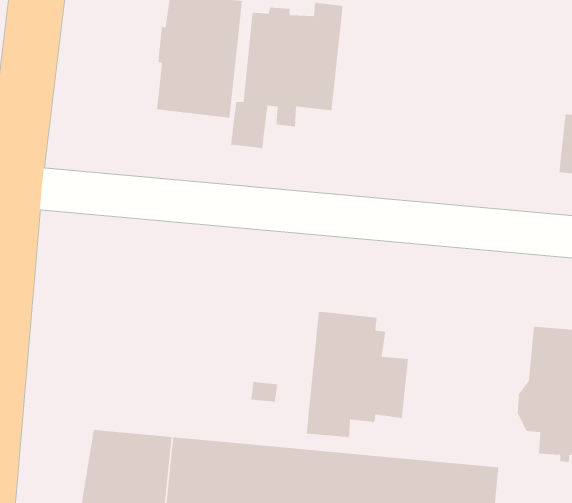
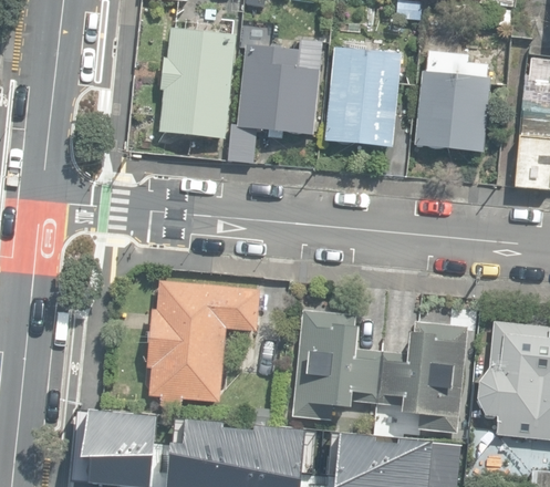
building: none -> [323,46,401,146]
building: none -> [414,50,490,152]
building: none -> [147,280,260,406]
building: none -> [376,321,467,432]

